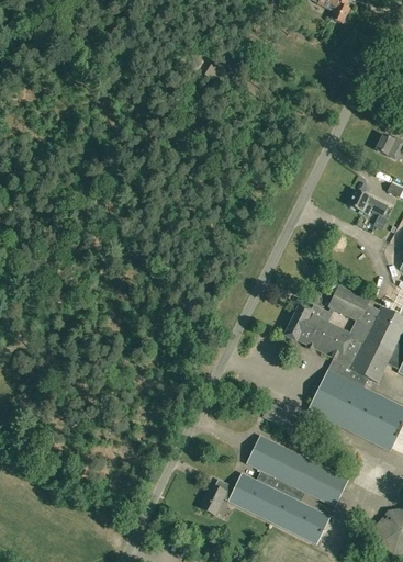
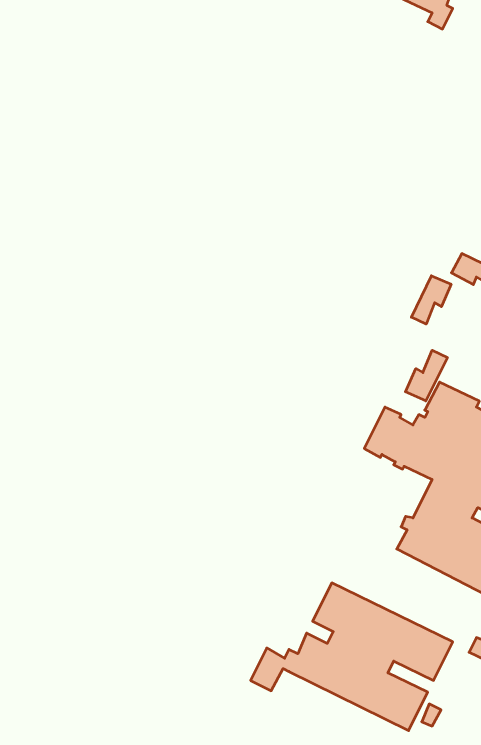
building: none -> [411,276,451,324]
building: none -> [405,350,447,401]

